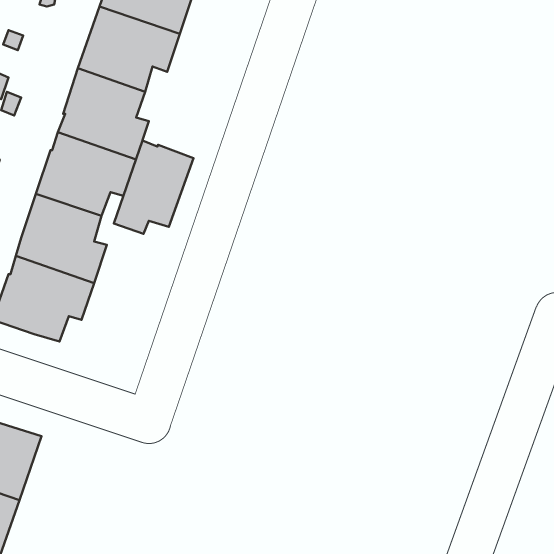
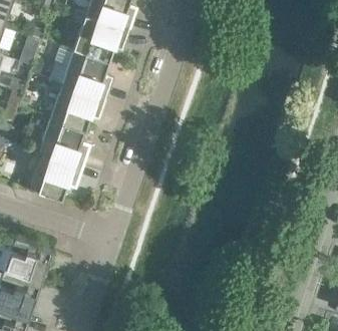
building: [114,141,194,234] -> none

